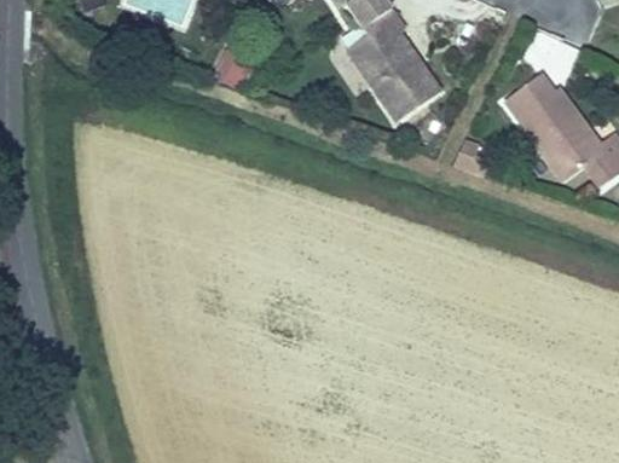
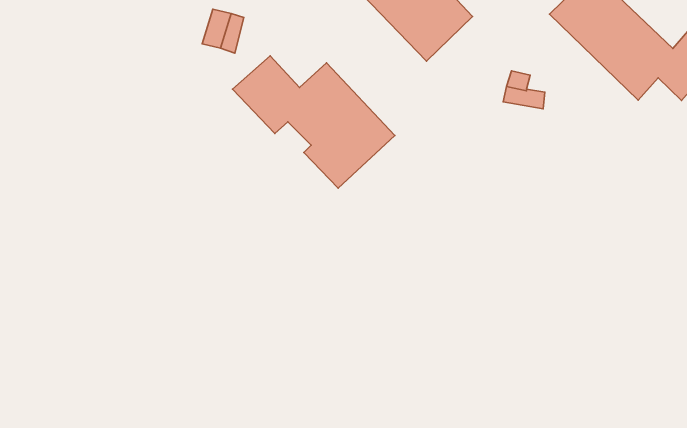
building: none -> [233,56,395,188]

